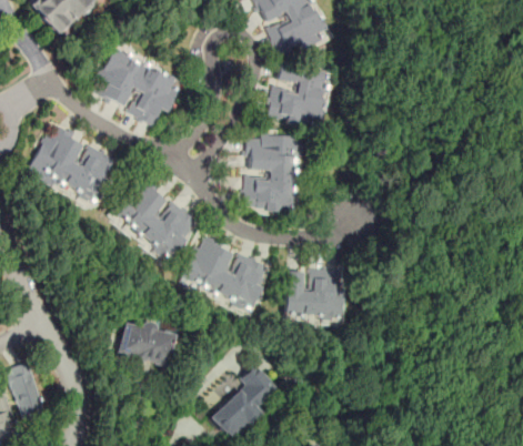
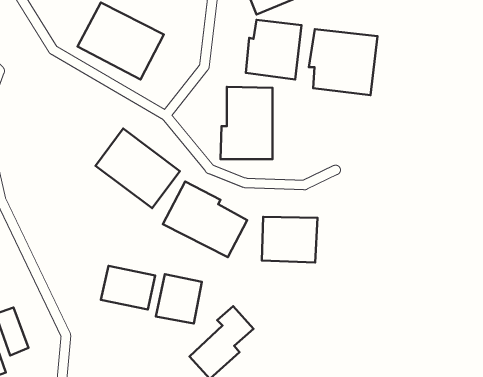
building: none -> [309,29,377,95]
building: [29,129,122,209] -> none
building: none -> [156,274,202,323]

